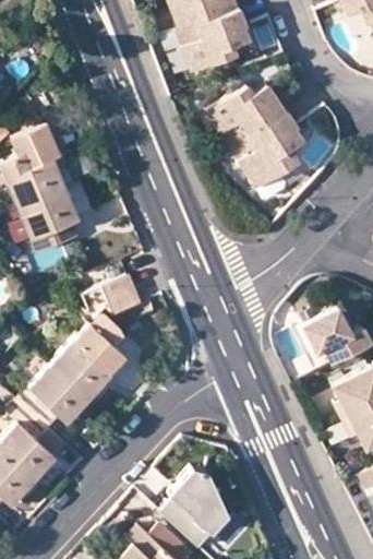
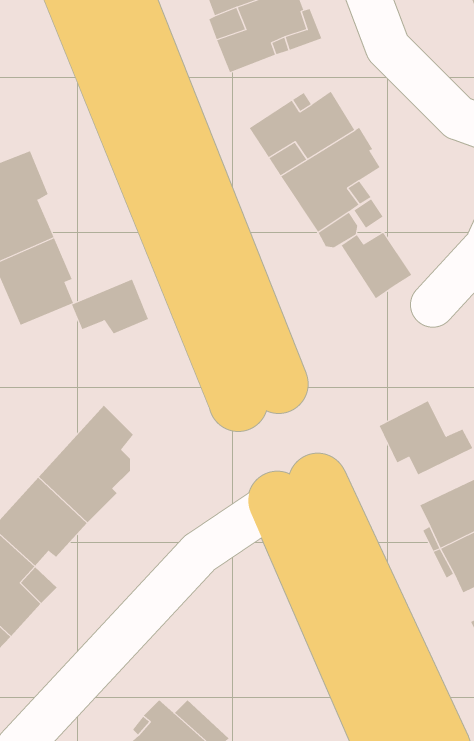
building: none -> [341,232,412,299]
building: [84,276,141,317] -> [71,279,149,334]
building: [161,467,230,546] -> none

